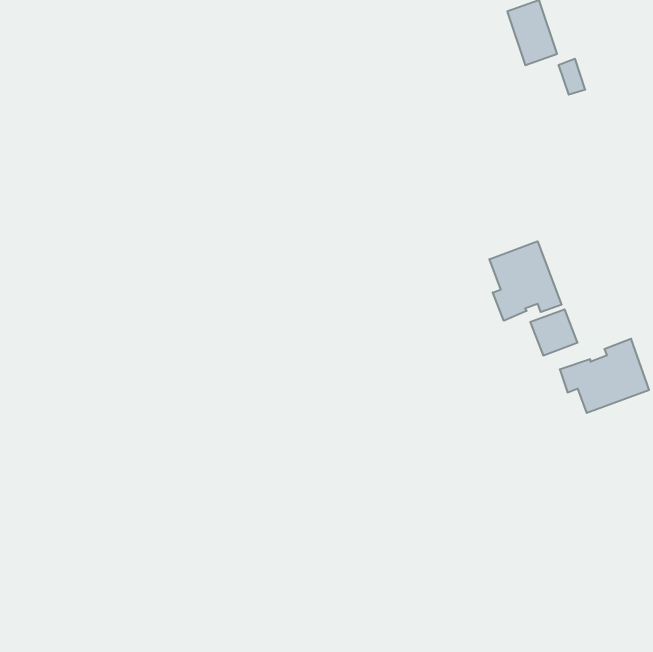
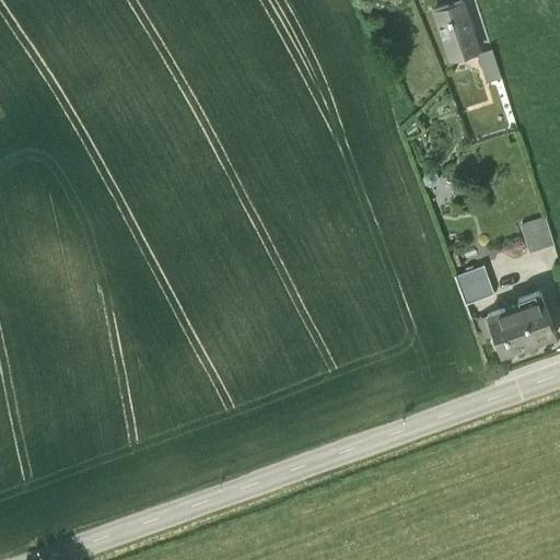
building: [489,241,562,321] -> none
building: none -> [521,218,555,253]

